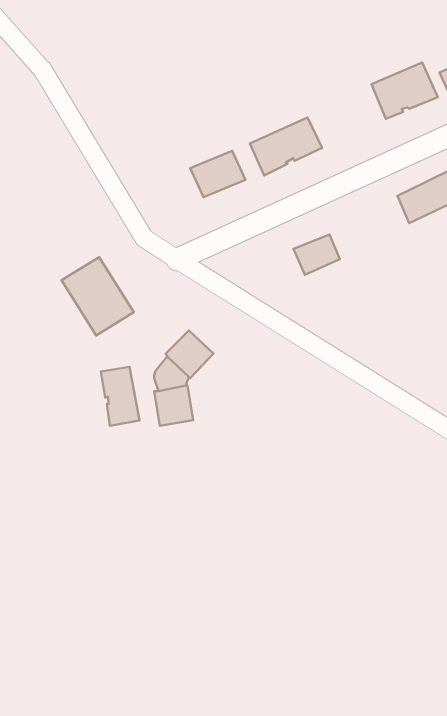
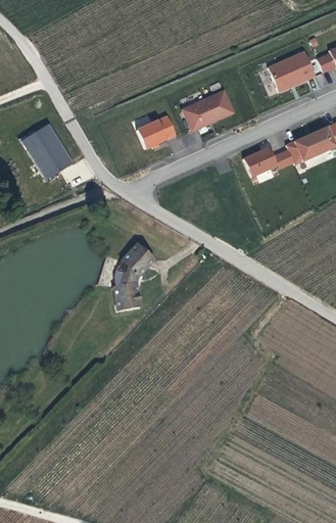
building: [293,234,340,275] -> [246,146,279,175]
building: [62,257,134,335] -> [21,124,73,179]
building: [101,367,140,426] -> none

